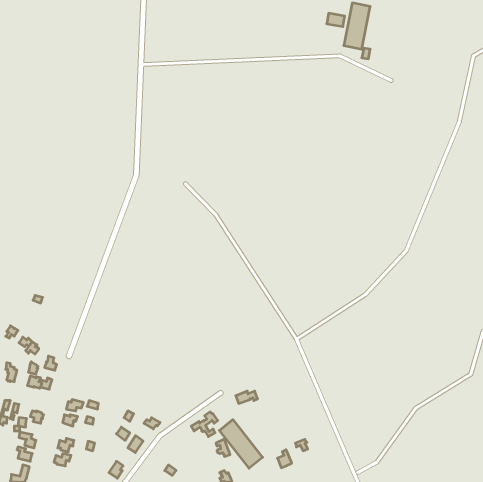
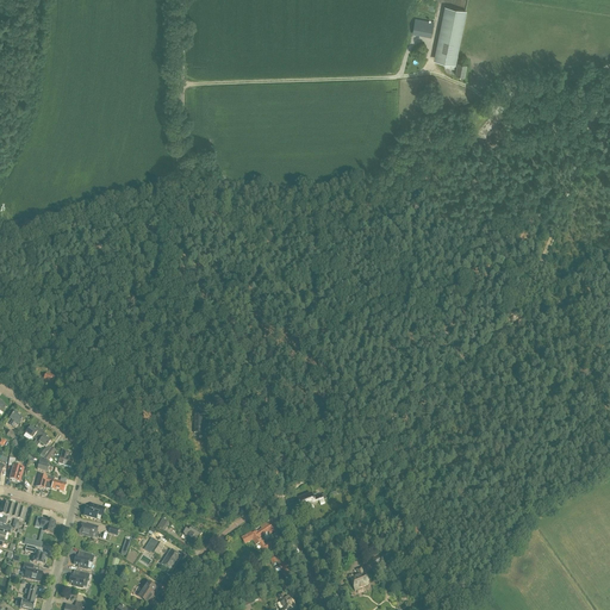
building: [219,420,263,468] -> none

